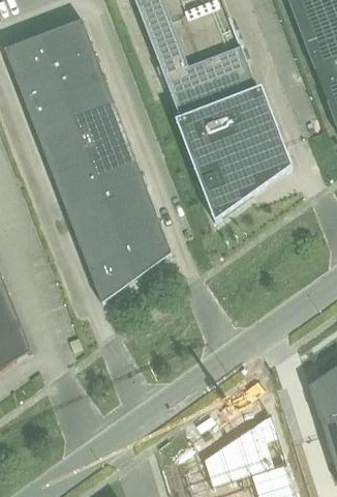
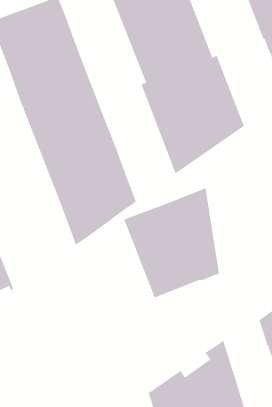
building: none -> [123,187,220,298]

